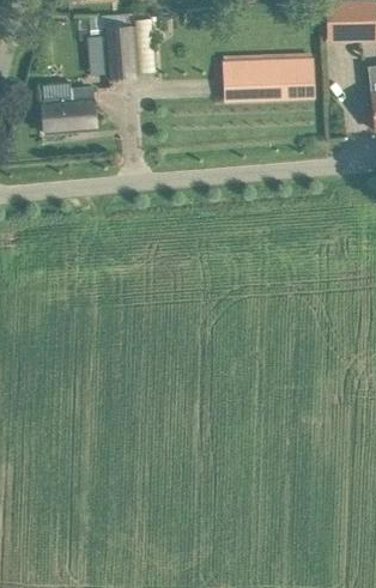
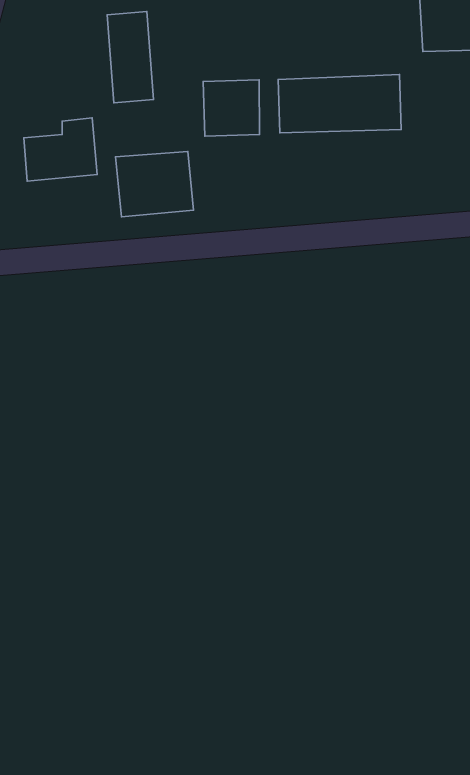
building: none -> [203,80,259,136]
building: none -> [116,152,193,217]

